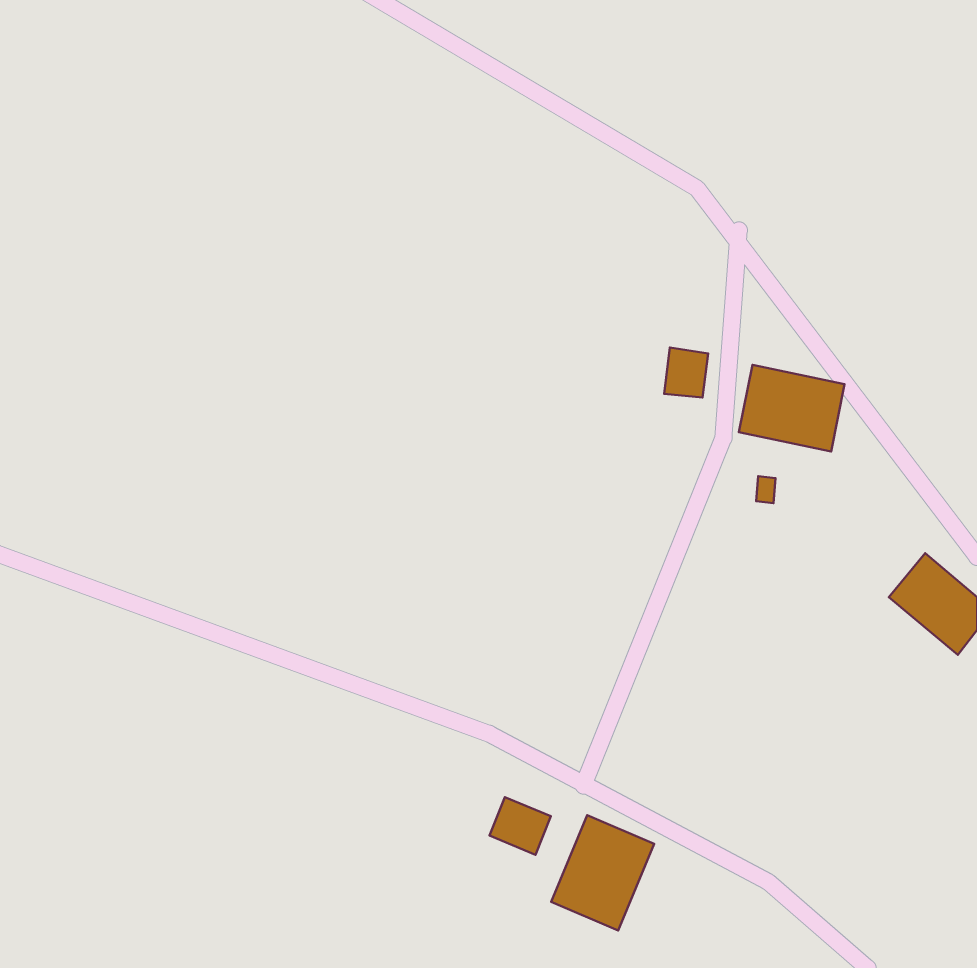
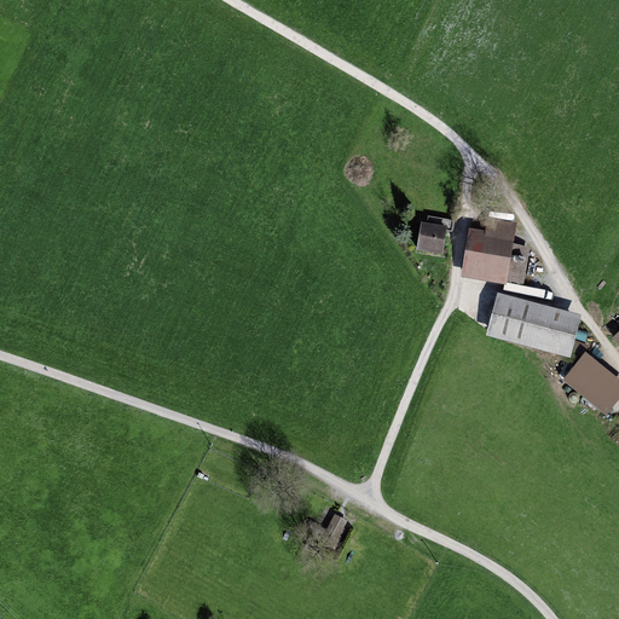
building: none -> [486,294,578,357]
building: [551,815,654,930] -> none

